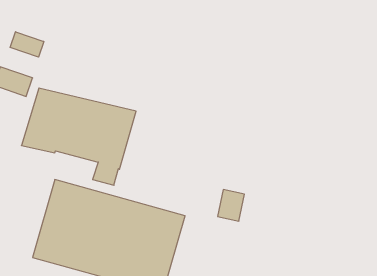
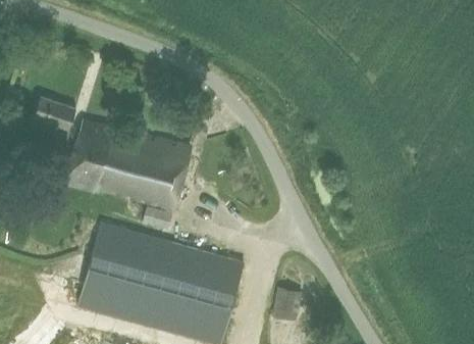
building: [10,32,44,57] -> none
building: [218,190,244,221] -> [273,288,303,323]

